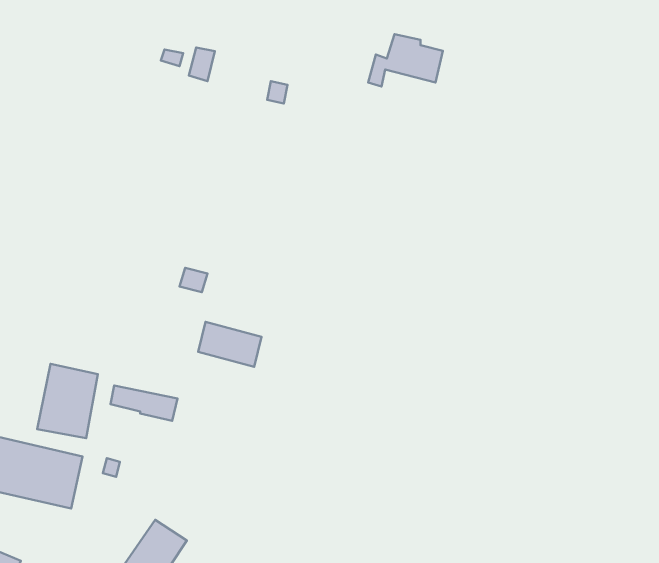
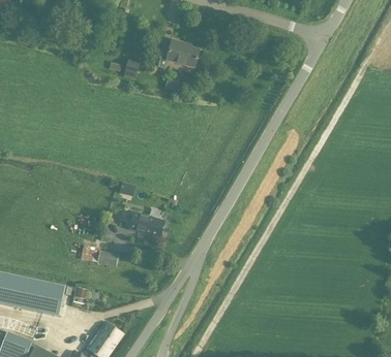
building: [368,34,443,86] -> [156,38,198,67]
building: [37,364,98,438] -> none

